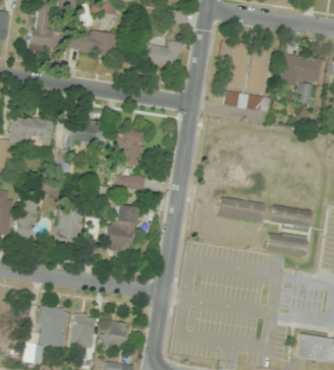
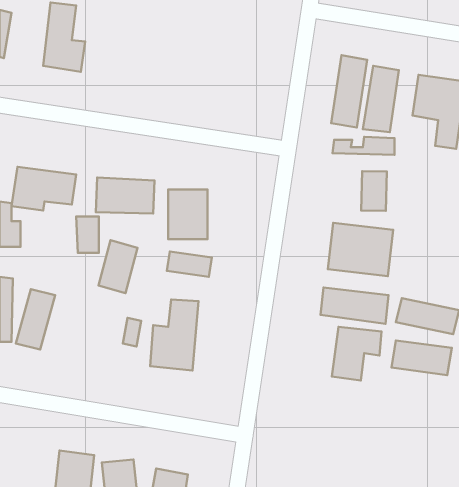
building: [71,29,117,55] -> none
building: [140,40,181,67] -> none
building: none -> [361,171,387,211]
building: none -> [328,223,393,276]
building: [57,207,84,243] -> [98,240,138,293]
building: none -> [332,327,382,381]

